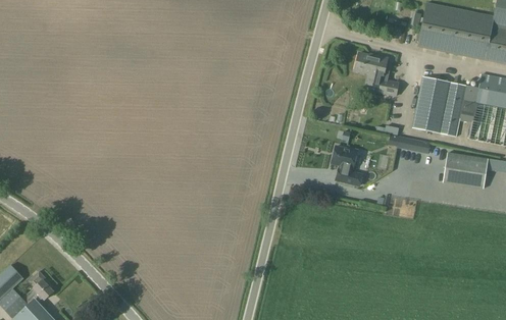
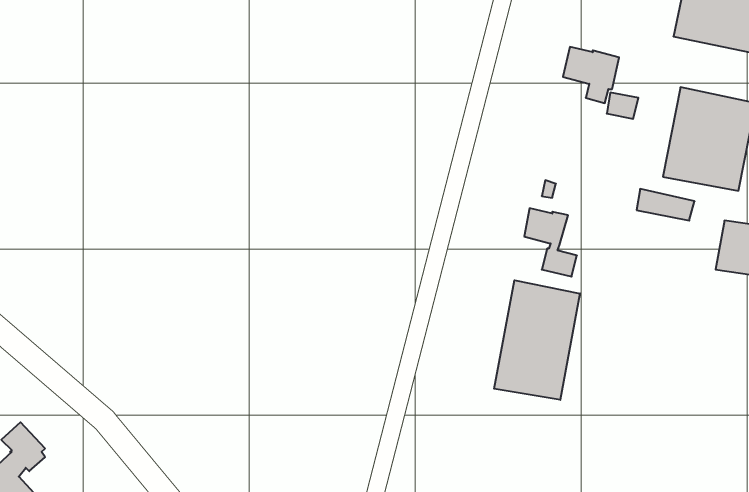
building: none -> [494,280,580,400]

